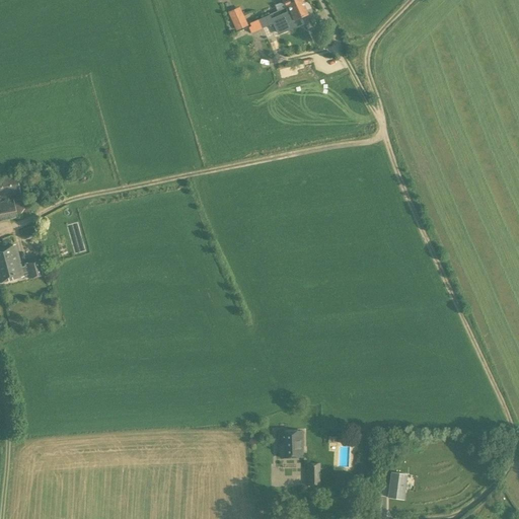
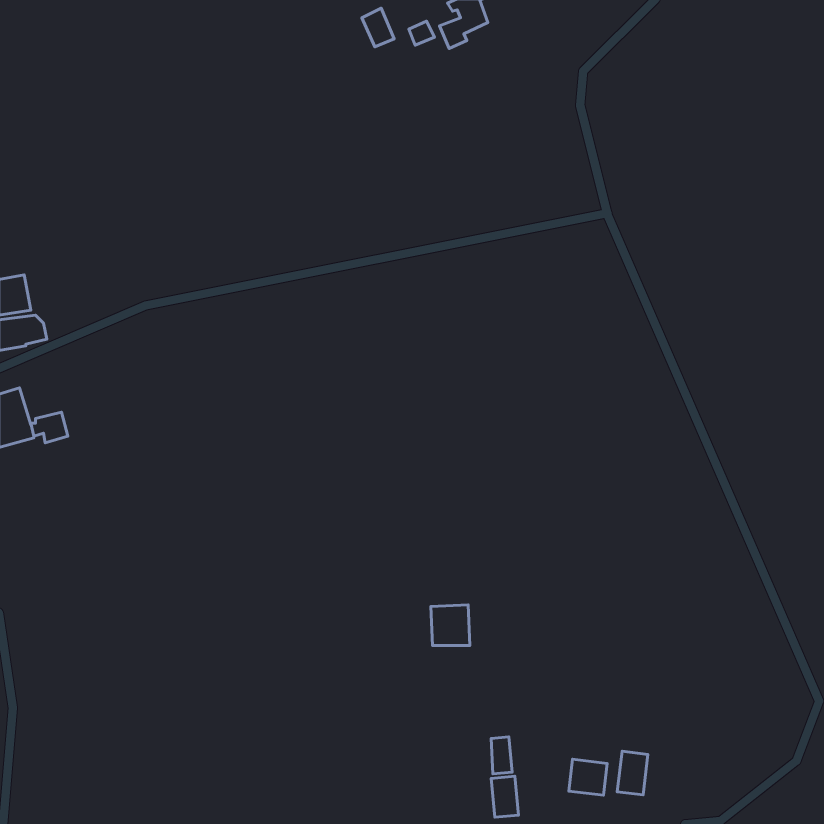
building: [278,431,302,456] -> [431,605,470,645]
building: none -> [569,759,607,795]
building: none -> [491,776,518,817]

